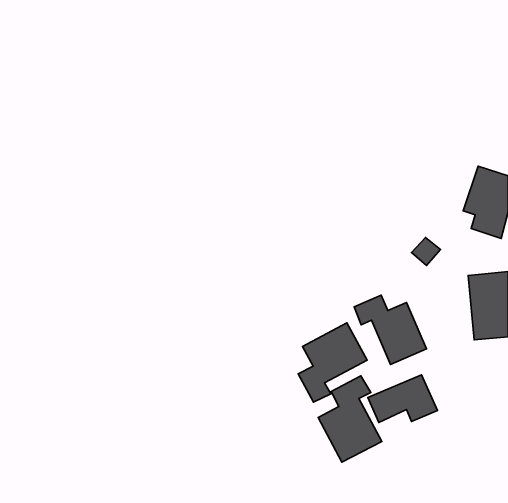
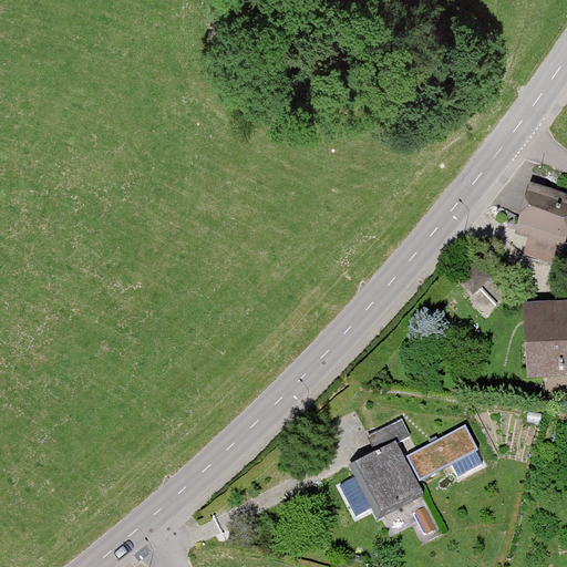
building: [354,295,426,364] -> none
building: [298,323,367,402] -> none

